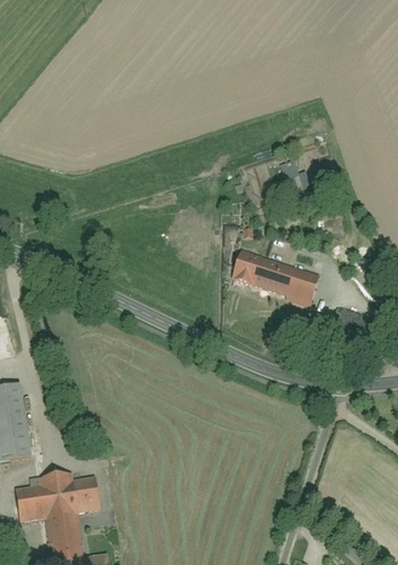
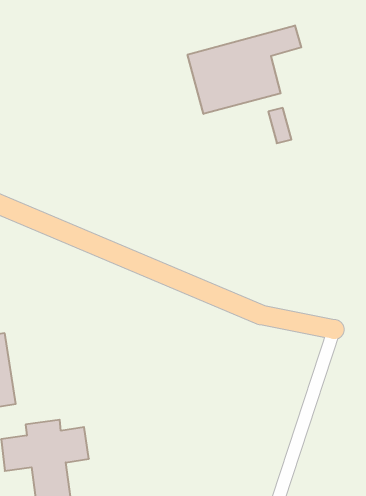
building: none -> [188,25,301,114]
building: [232,249,320,303] -> none

